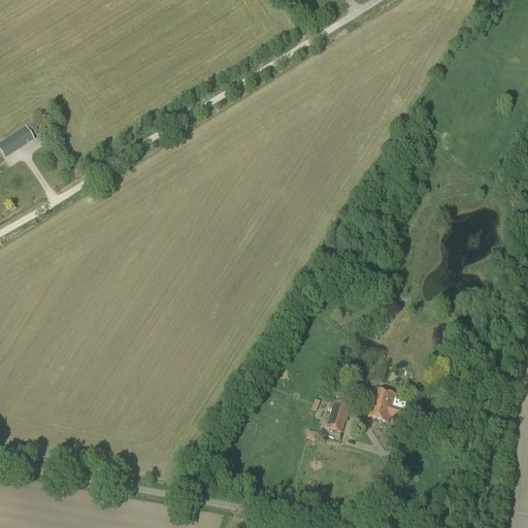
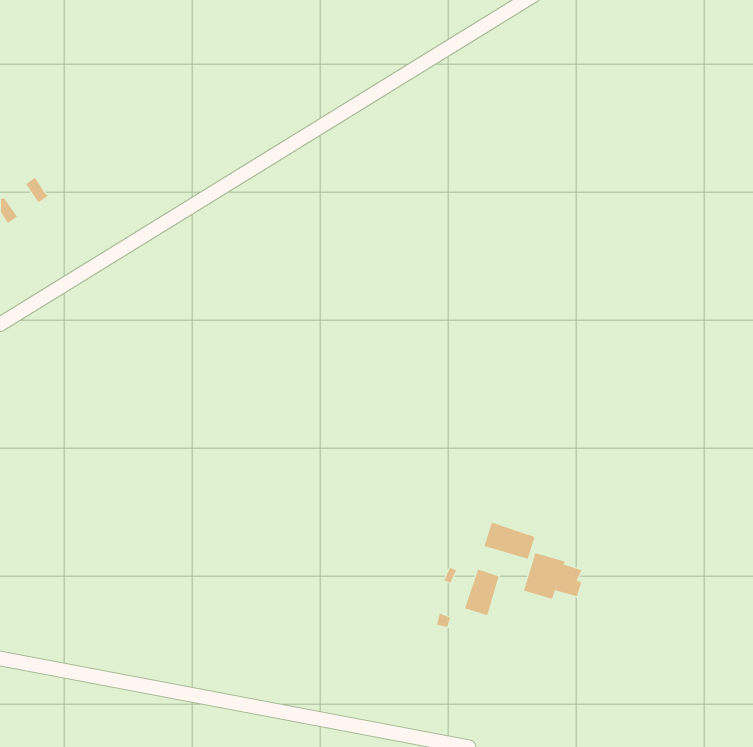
building: none -> [484,522,535,560]

